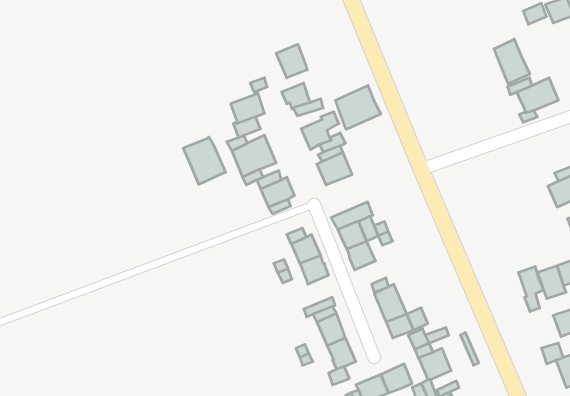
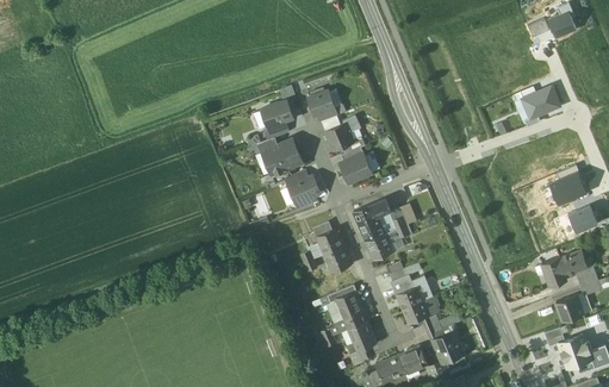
building: [494,39,530,84] -> none
building: [276,44,307,78] -> none
building: [336,85,381,129] -> none
building: [183,137,226,184] -> none
building: [518,266,544,312] -> none

